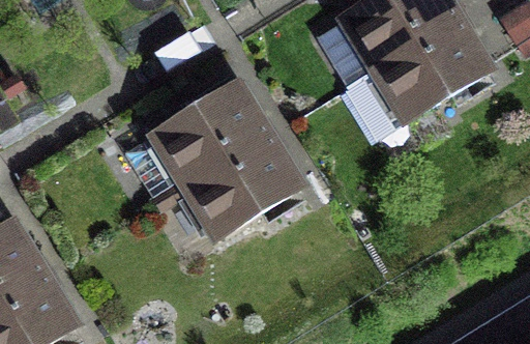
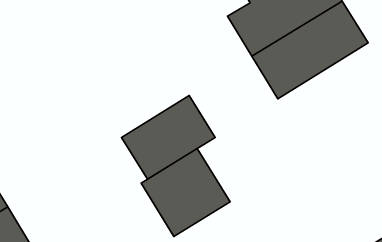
building: [154,85,270,189] -> none
building: none -> [141,148,230,237]

